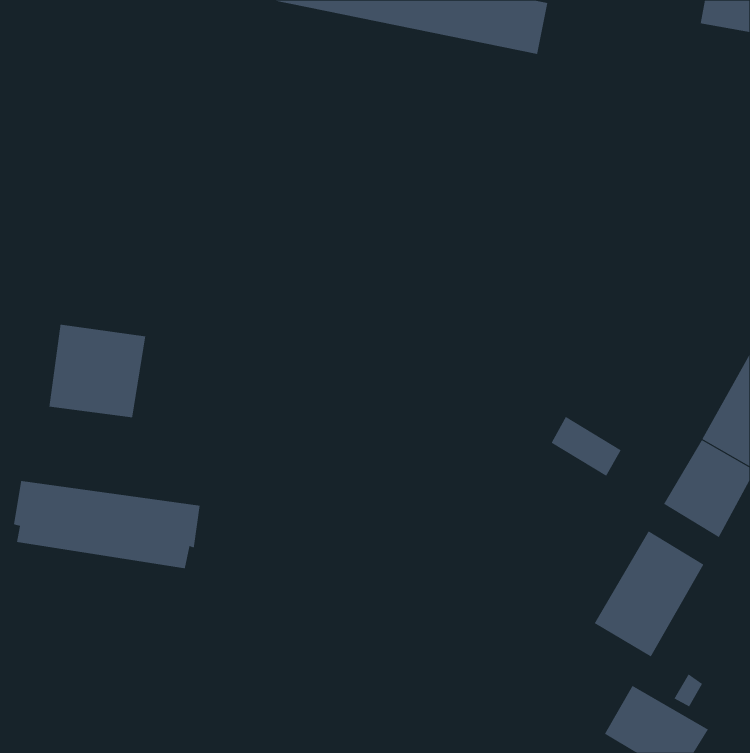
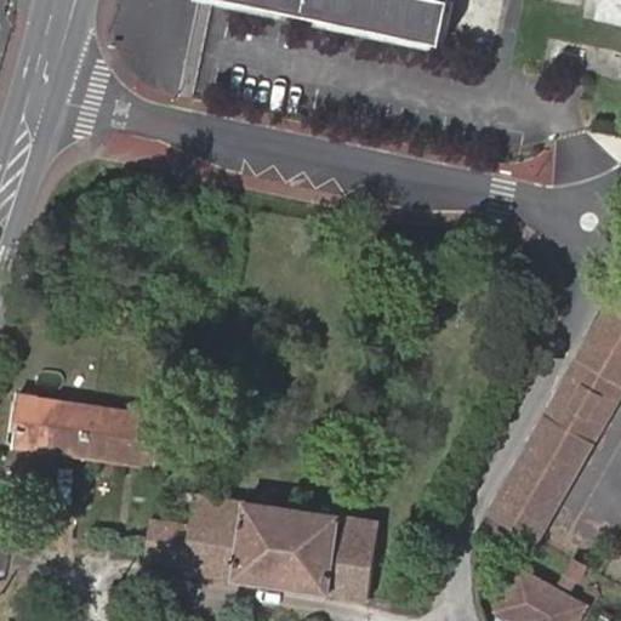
building: [49,324,146,418] -> none
building: [551,416,621,477] -> [534,415,592,465]
building: none -> [143,495,375,600]

